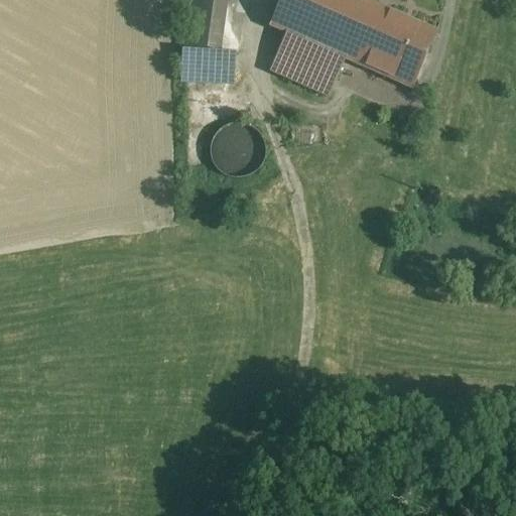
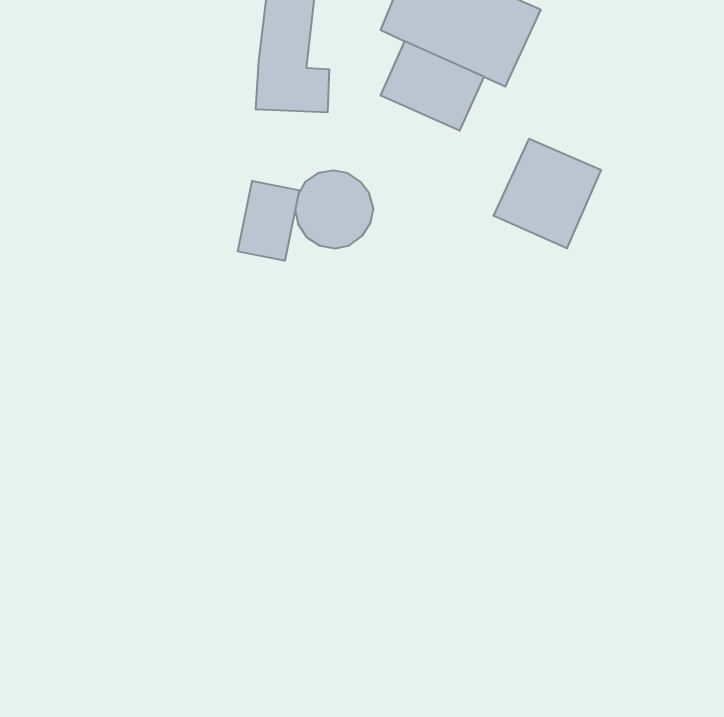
building: [359,7,435,85] -> [493,139,601,248]
building: none -> [238,181,299,261]

